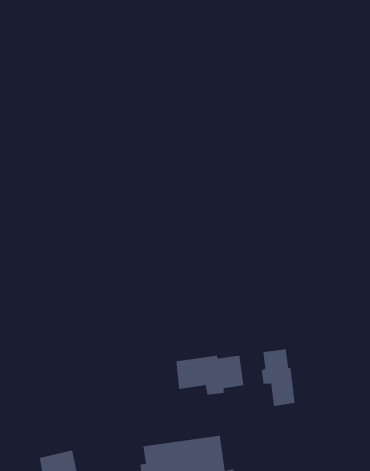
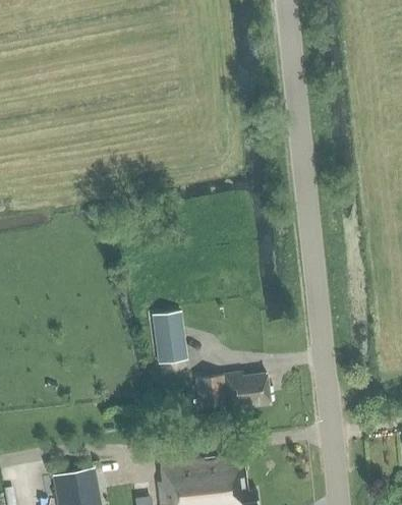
building: none -> [150,312,180,362]
building: [261,349,295,407] -> none

